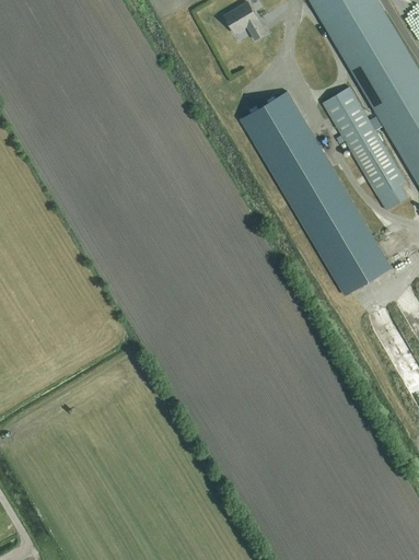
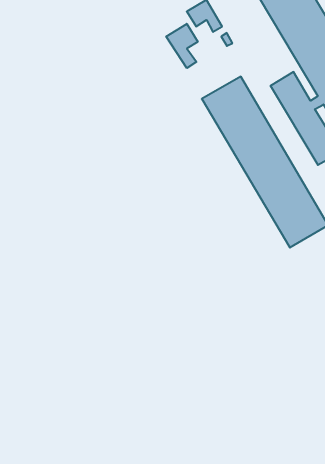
building: none -> [166,24,198,68]

